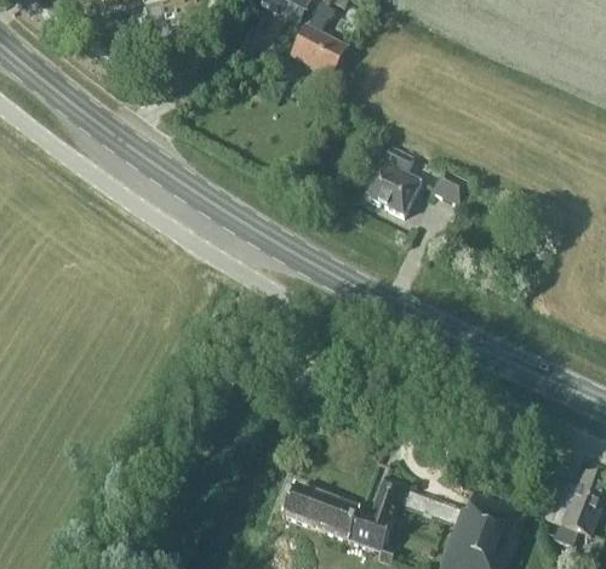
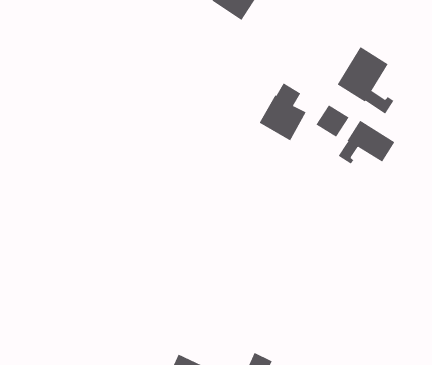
building: none -> [337,46,394,114]
building: none -> [338,120,395,165]

